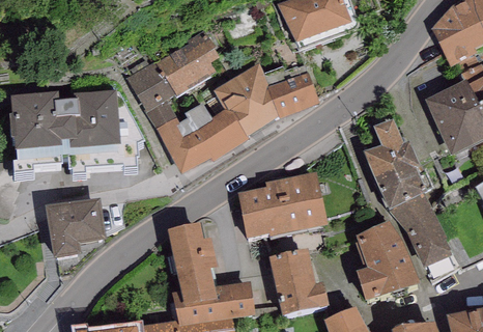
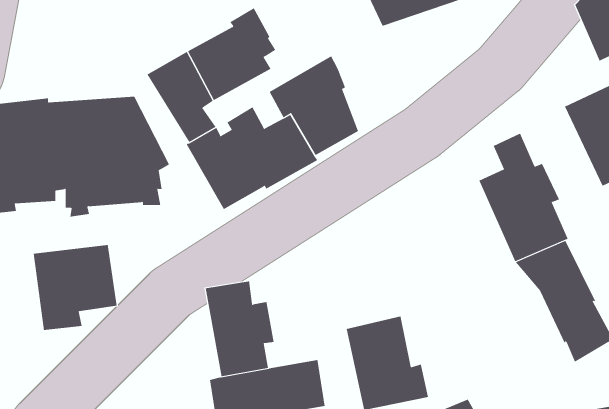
building: [263,64,319,119] -> none
building: [237,172,328,239] -> none
building: [354,222,421,303] -> none

